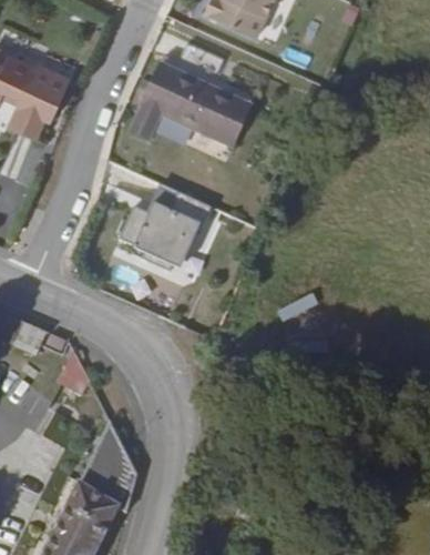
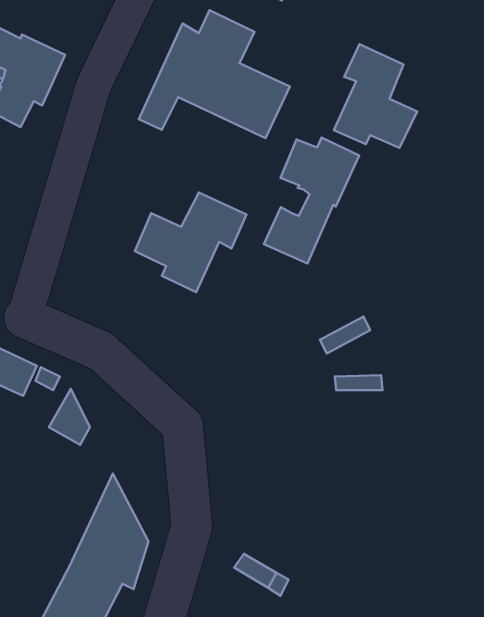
building: none -> [334,44,417,148]
building: none -> [264,138,359,263]

